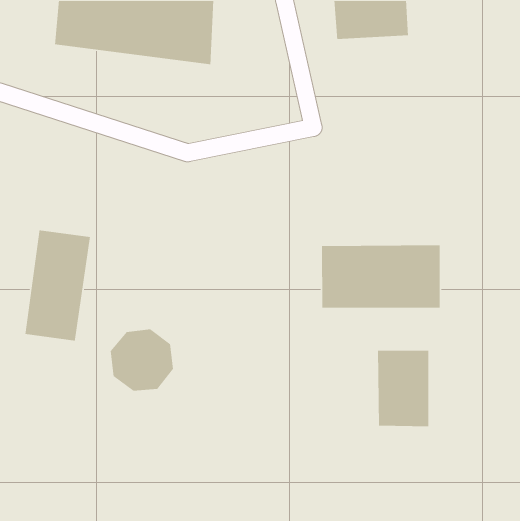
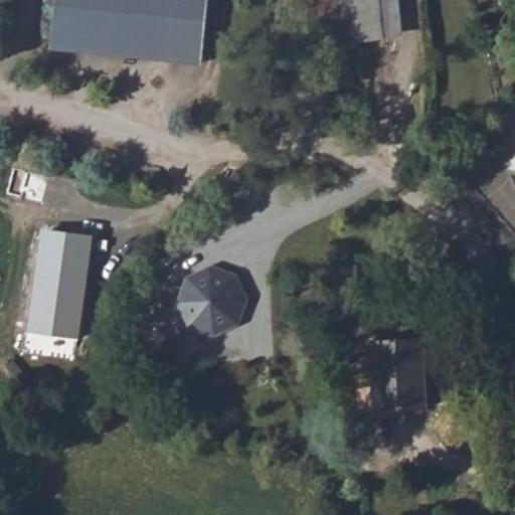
building: [321,244,441,308] -> none
building: [110,328,174,392] -> [181,276,244,338]

